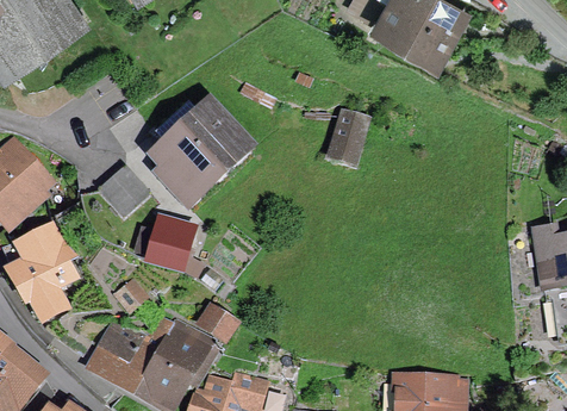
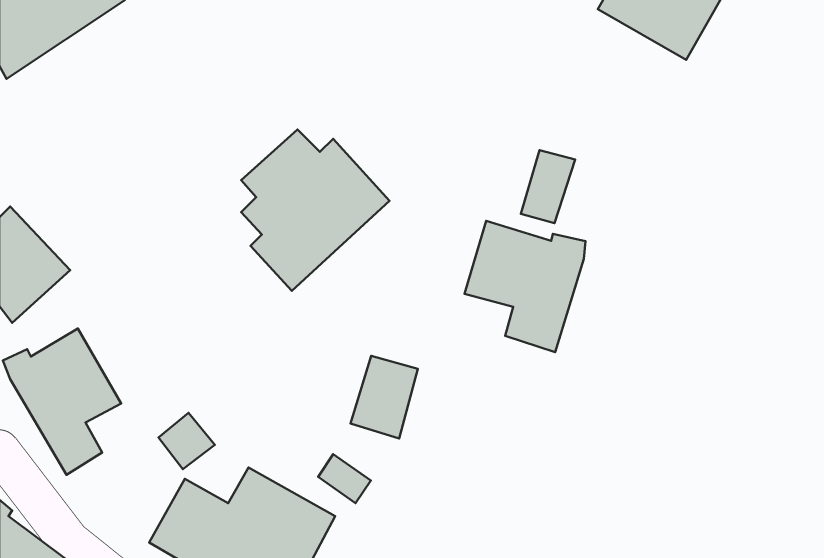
building: none -> [465,221,585,352]
building: [99,167,150,217] -> none
building: [149,219,192,272] -> [350,356,418,438]

